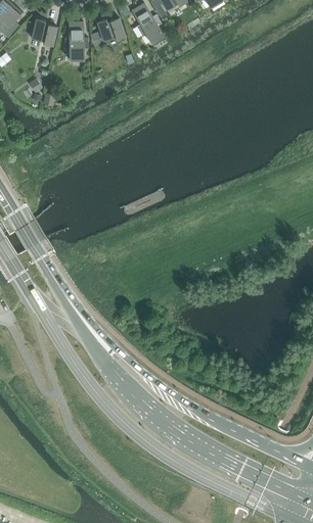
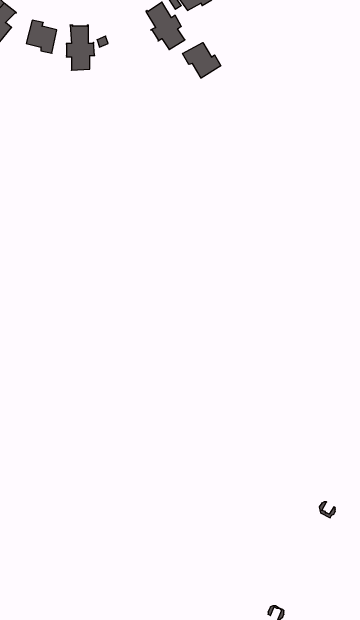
building: [95,18,124,42] -> none
building: none -> [183,43,221,78]

